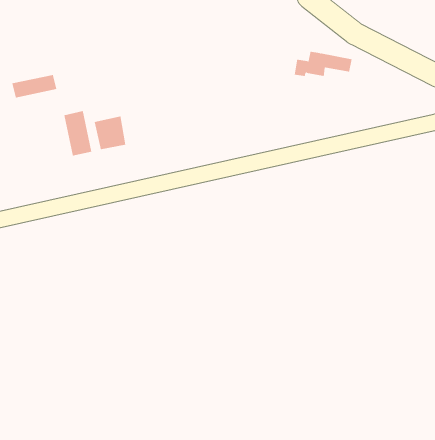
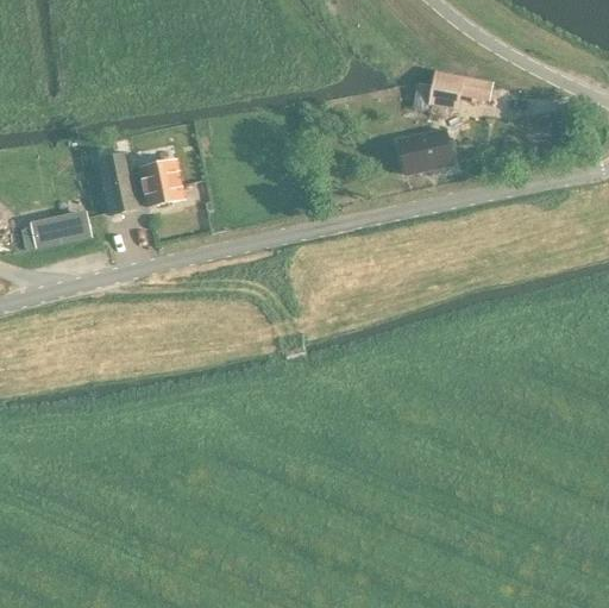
building: [12,74,57,98] -> [29,213,90,245]
building: none -> [396,129,451,173]

